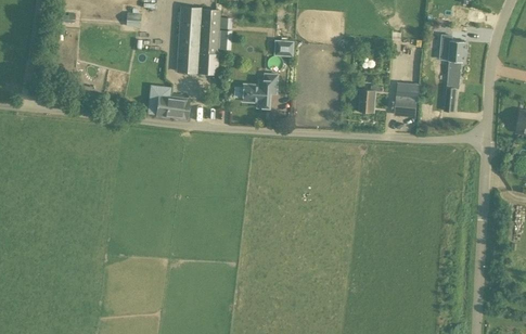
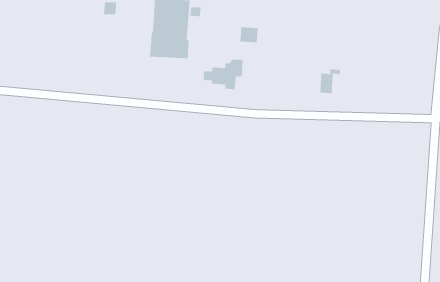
building: [441,34,465,112] -> none
building: [395,82,419,116] -> none
building: [146,86,190,119] -> none

